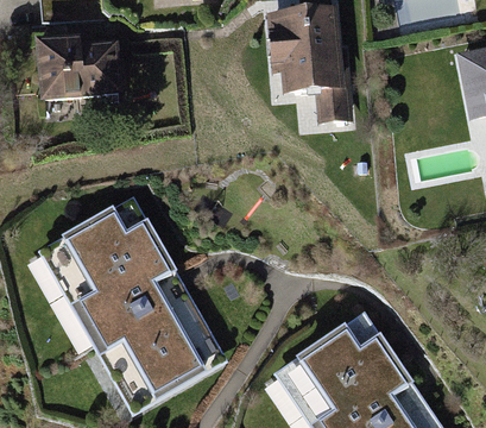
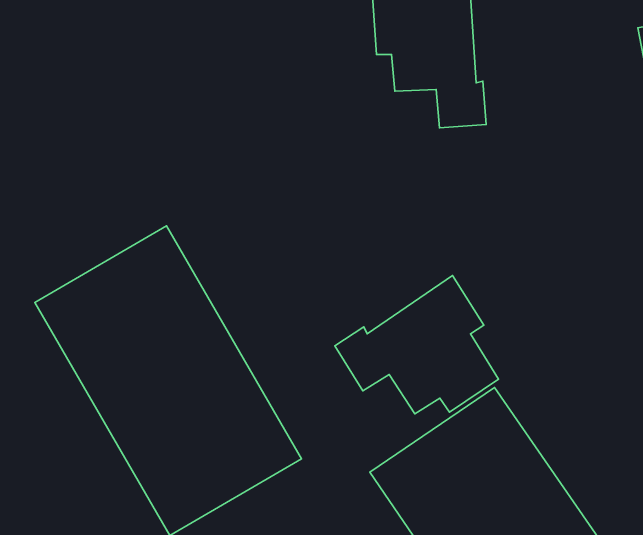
building: [37,40,125,103] -> none
building: none -> [335,275,499,414]

